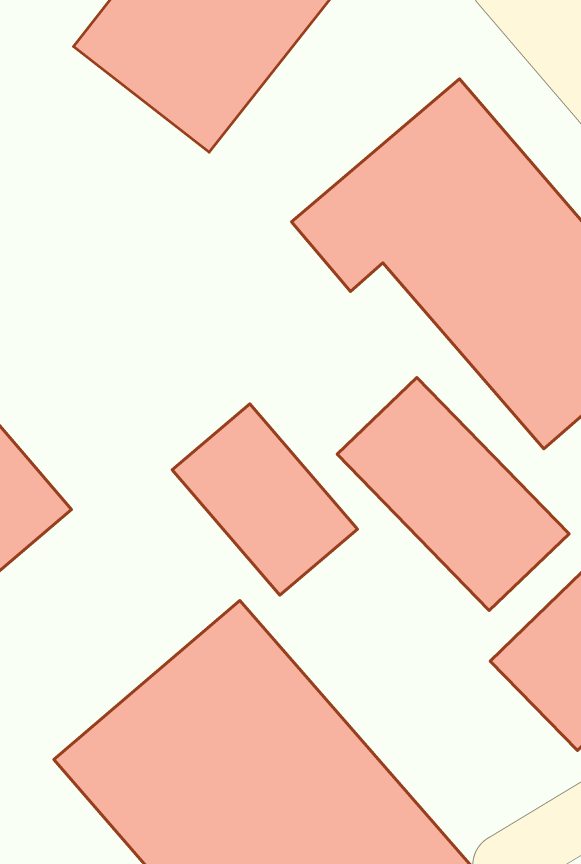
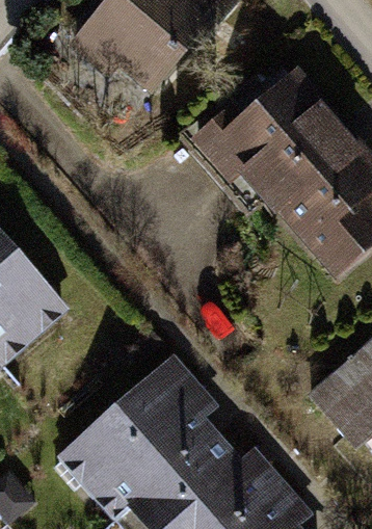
building: [337,377,569,611] -> none
building: [172,404,357,595] -> none

